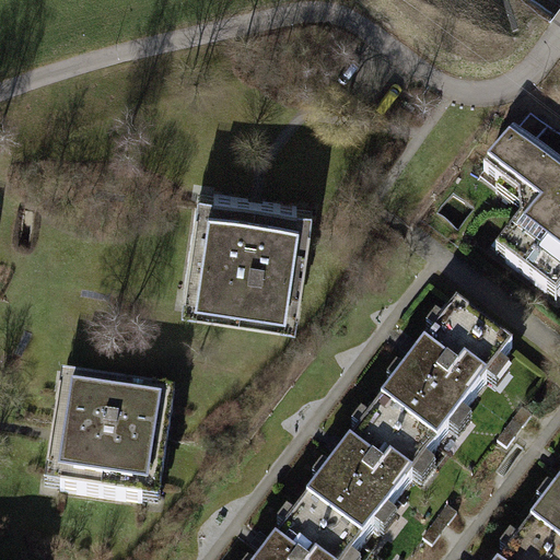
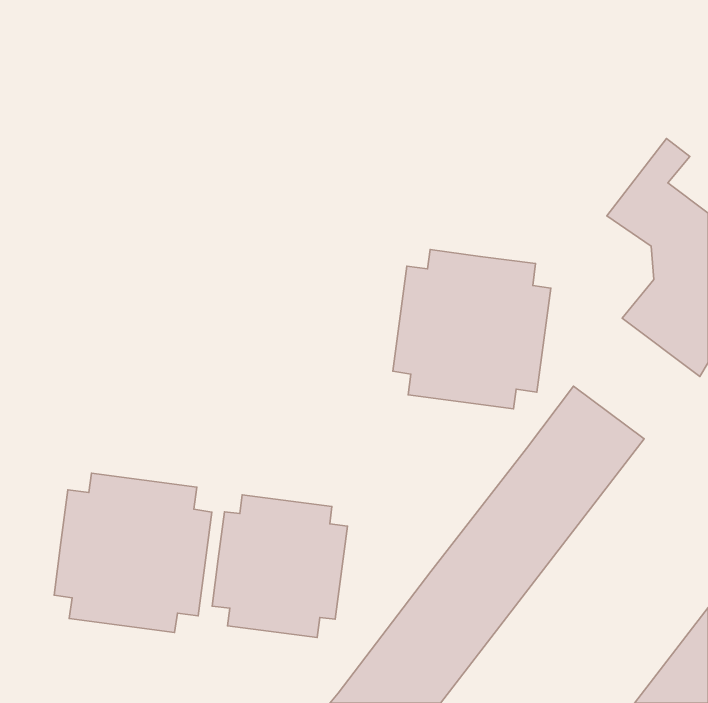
building: [180,190,305,316] -> [393,250,551,409]
building: none -> [212,495,347,637]

